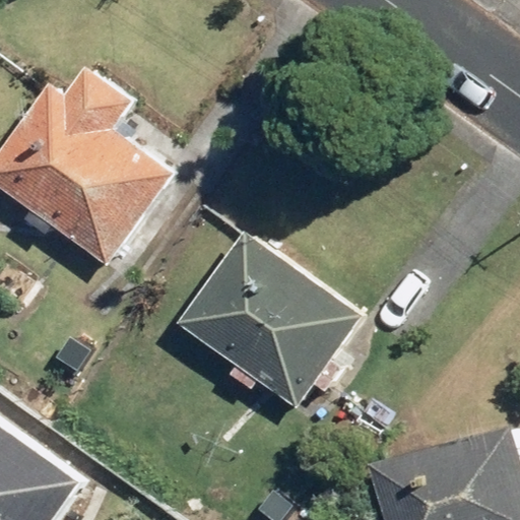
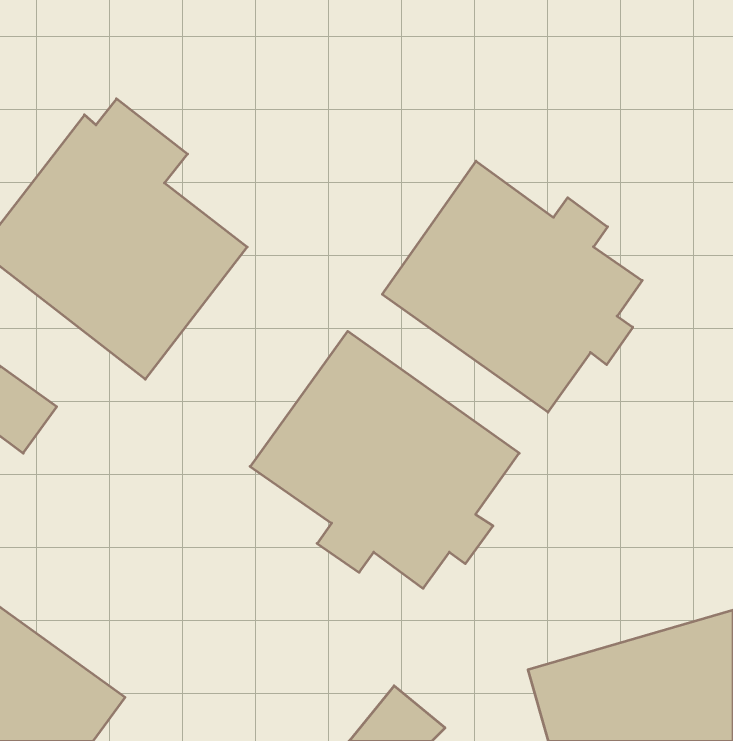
building: none -> [382,161,642,412]

